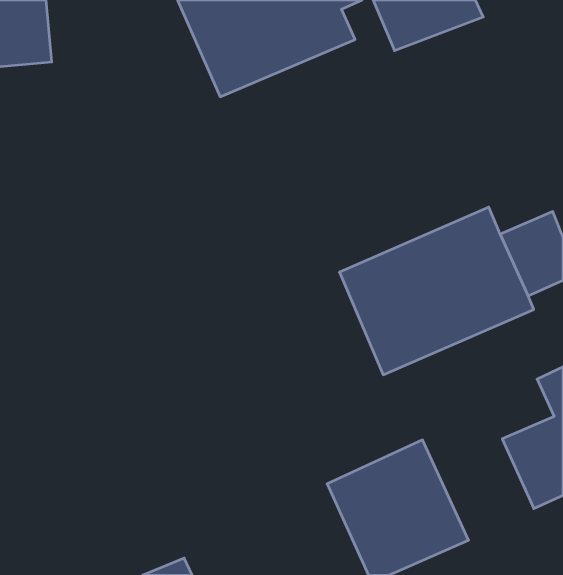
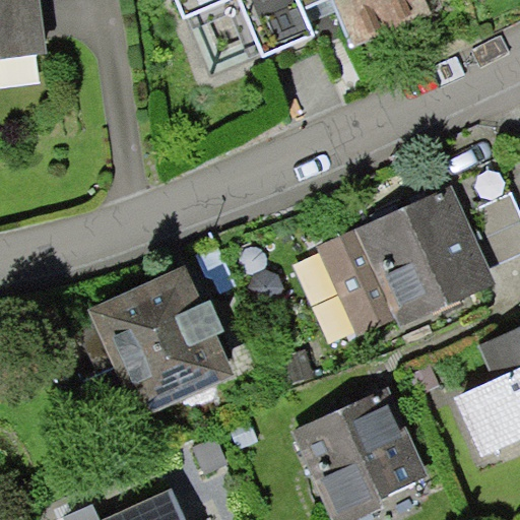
building: none -> [98,272,243,420]

